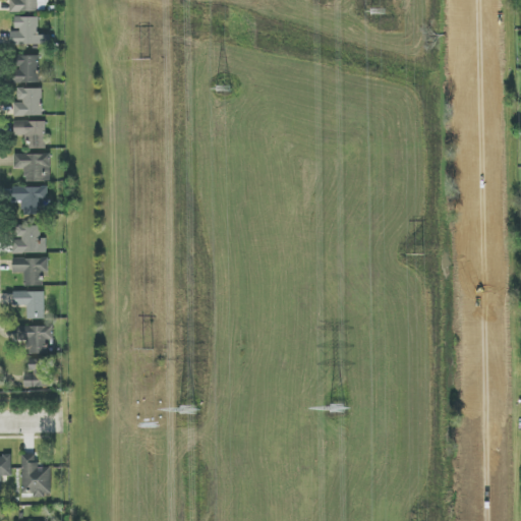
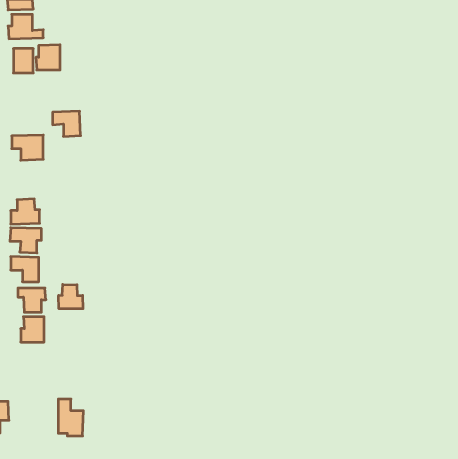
building: [13,88,41,116] -> [36,45,60,70]
building: [13,120,45,149] -> [53,111,81,136]
building: [15,186,47,214] -> none
building: none -> [59,284,83,309]
building: [21,454,50,496] -> [58,399,83,436]

